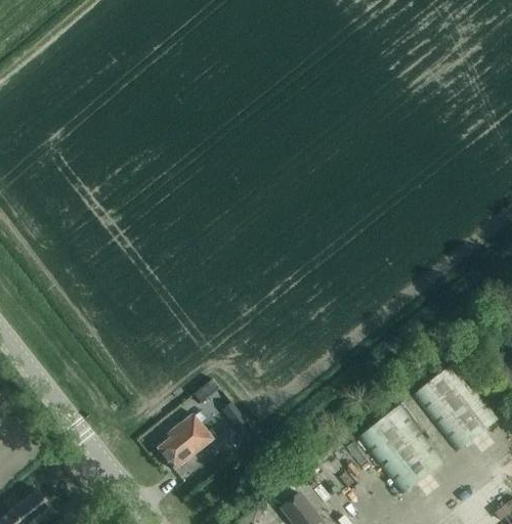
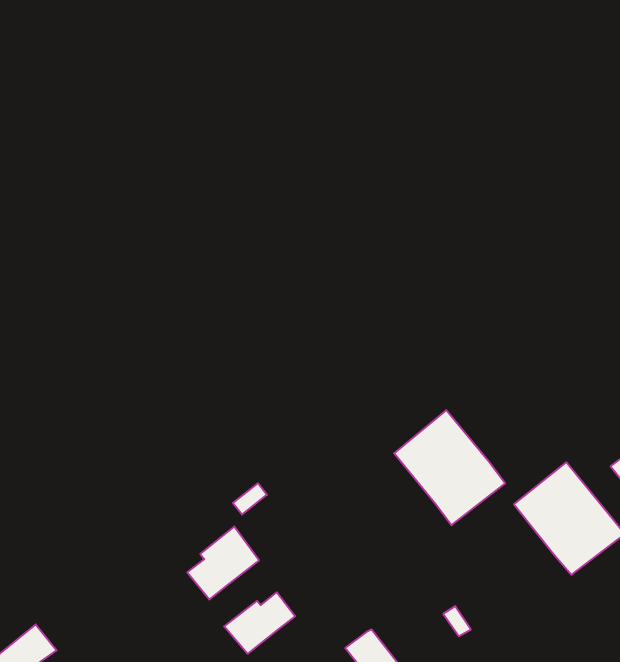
building: [358,404,445,494] -> [394,410,505,525]
building: none -> [224,592,295,654]

